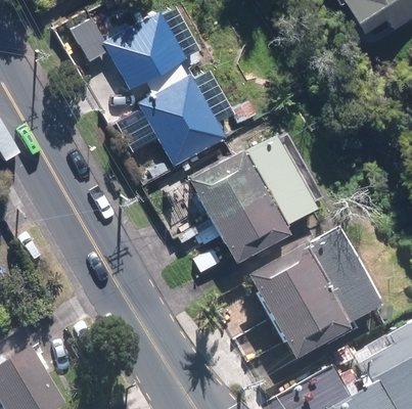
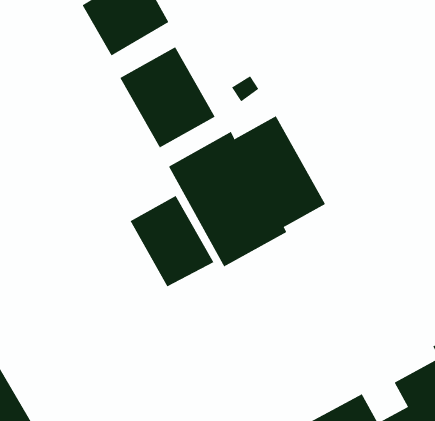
building: none -> [130,195,214,287]
building: [251,227,385,355] -> none

